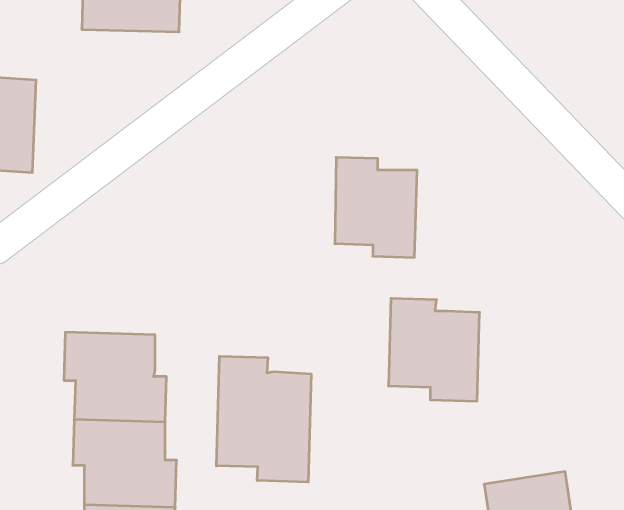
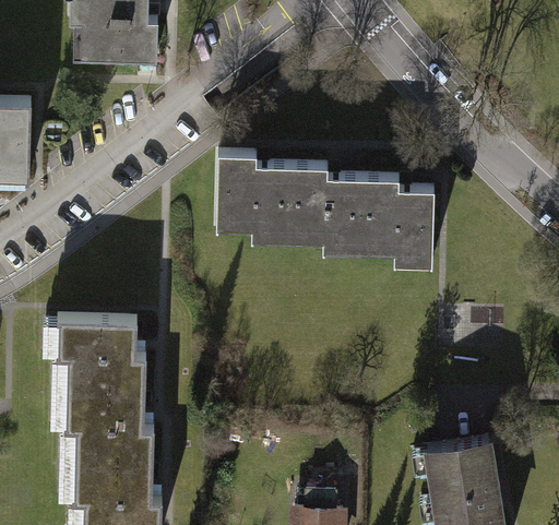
building: none -> [216,156,292,242]
building: [388,298,480,401] -> [359,179,438,267]
building: [216,356,311,482] -> none

